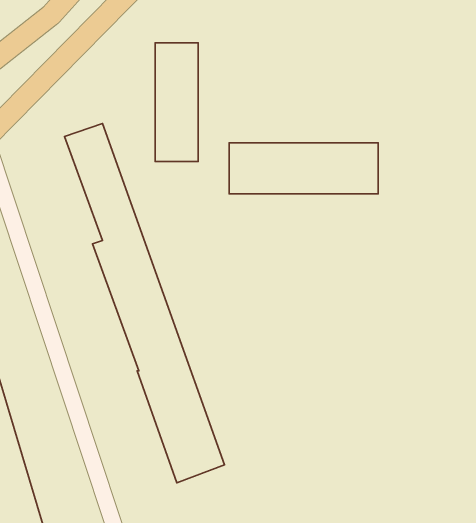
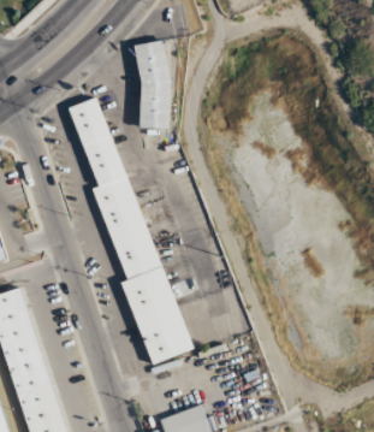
building: [229,143,378,194] -> none

